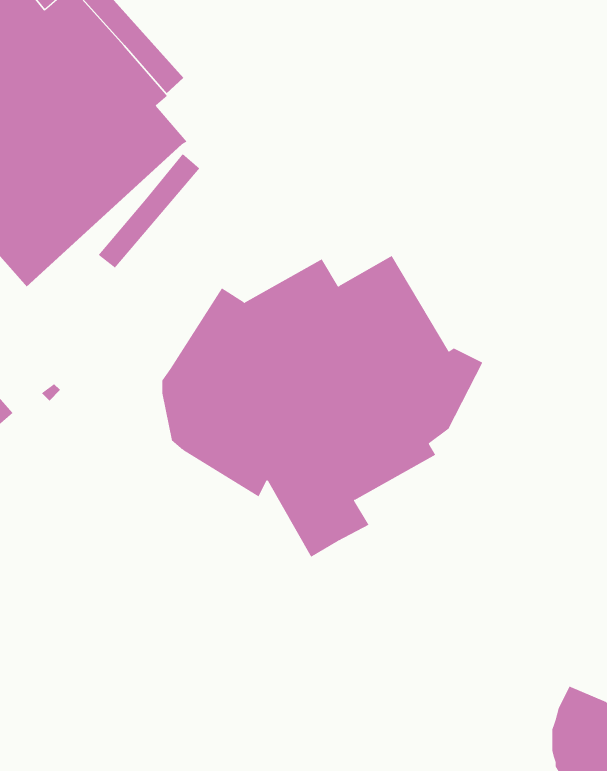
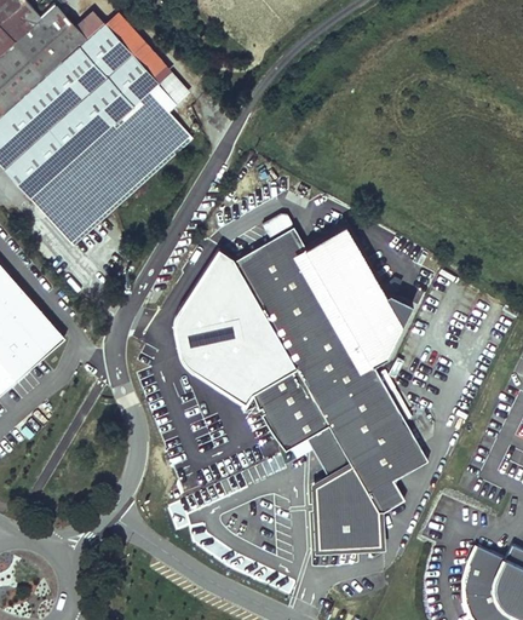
building: [98,153,200,269] -> none
building: none -> [305,373,427,549]

